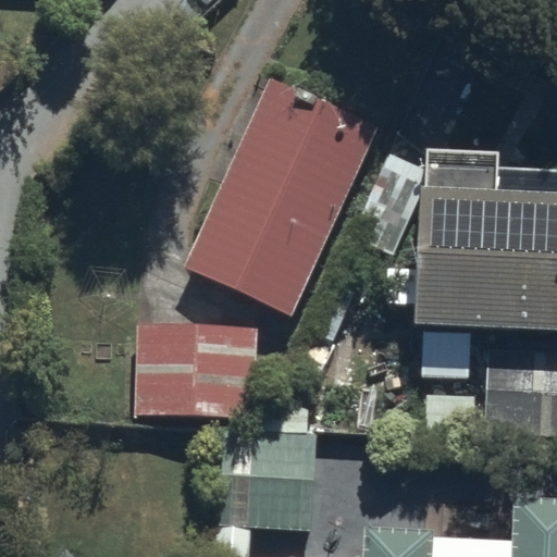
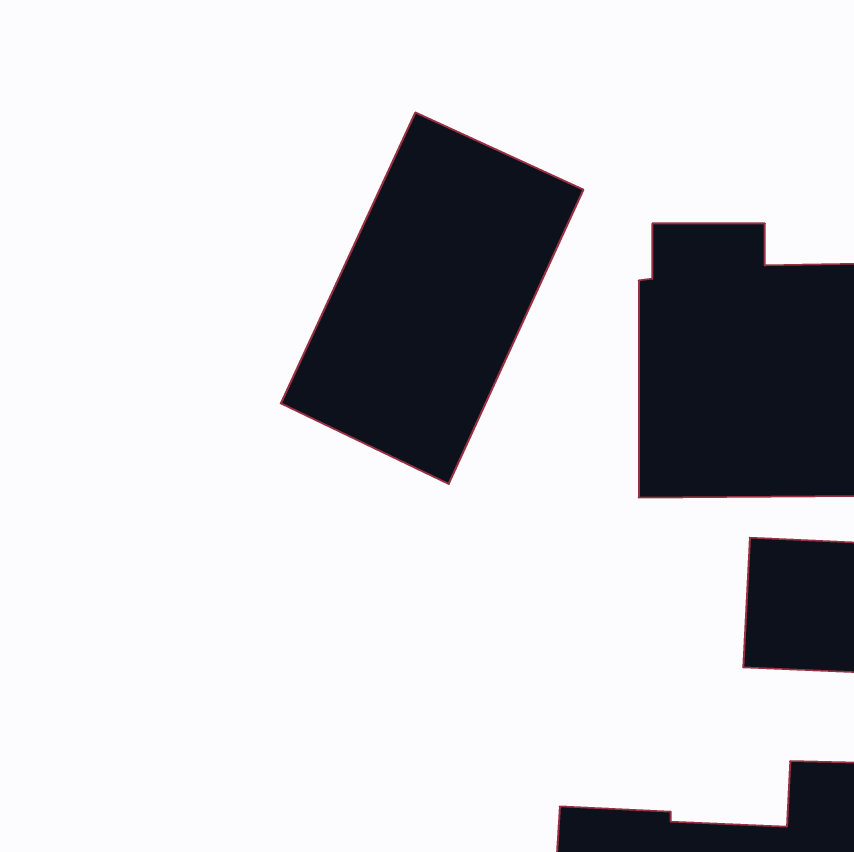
building: [137,327,256,418] -> none
building: [219,430,317,534] -> none

